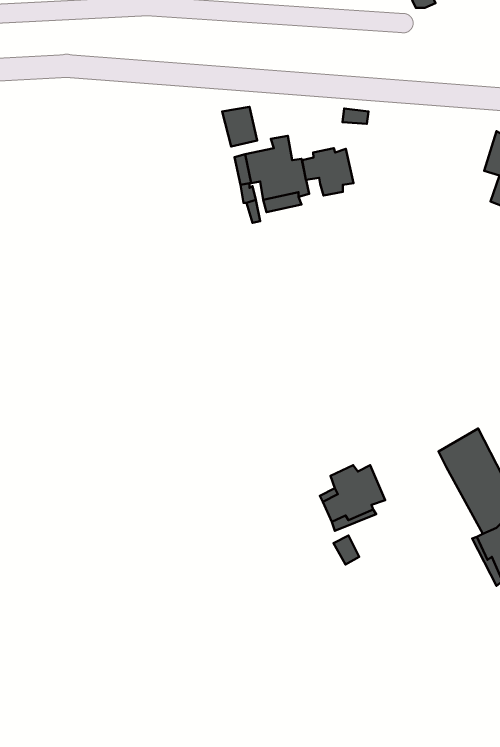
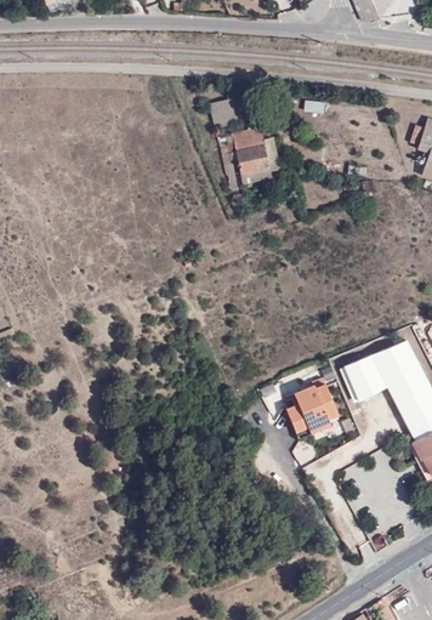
building: [302,148,353,196] -> none
building: none -> [343,340,413,402]

